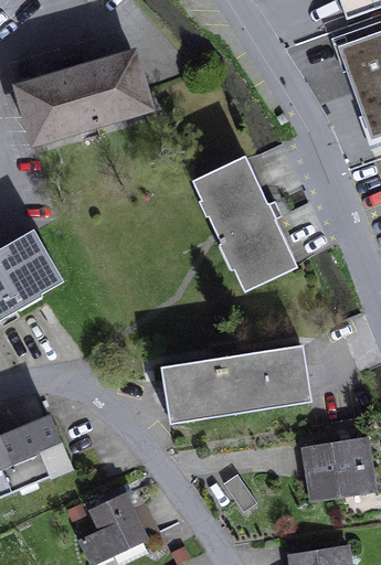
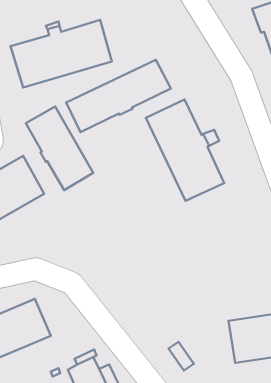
building: none -> [66,60,171,132]
building: none -> [26,106,93,190]
building: [162,342,309,422] -> none

